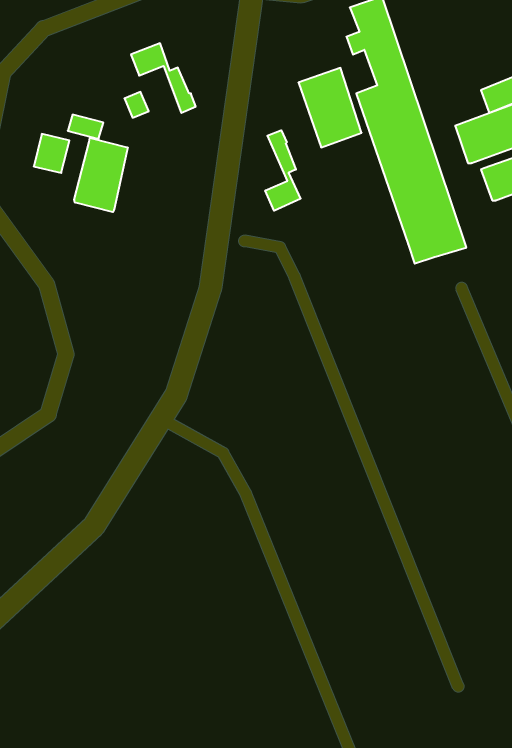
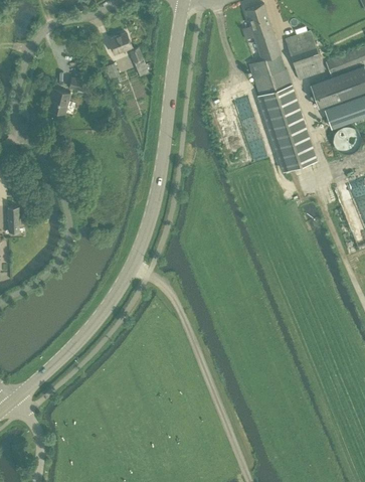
building: [298,68,362,147] -> [284,30,323,79]
building: [265,130,301,211] -> none
building: [74,138,128,212] -> none

